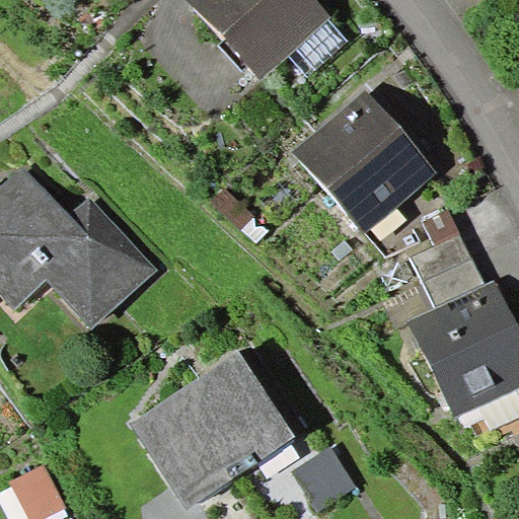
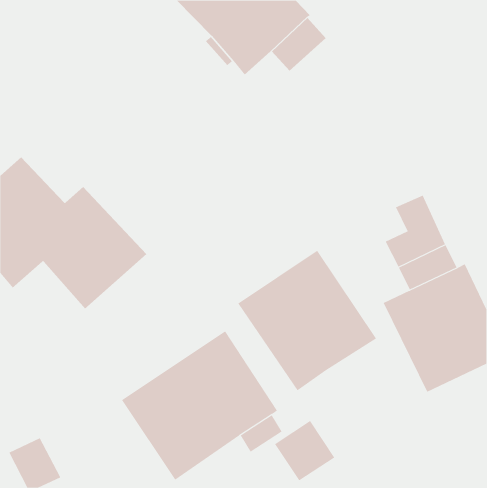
building: [293,89,437,232] -> none
building: none -> [238,250,377,391]

